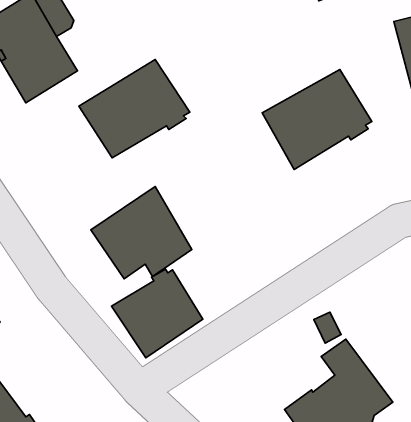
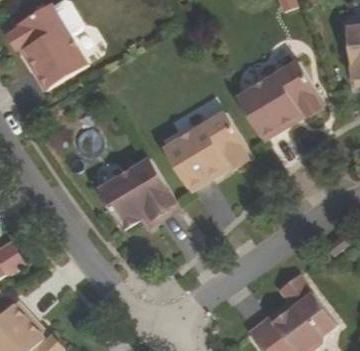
building: [79,59,190,158] -> [165,108,255,188]
building: [111,269,203,358] -> none

